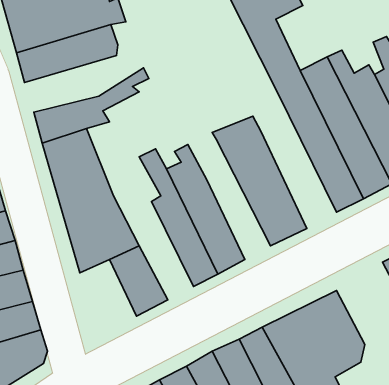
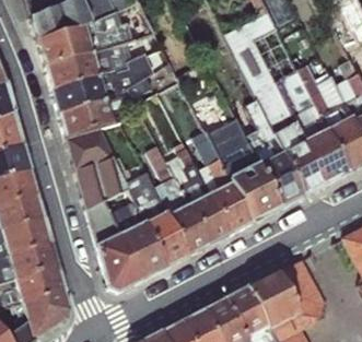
building: none -> [51,50,153,114]
building: none -> [243,97,304,208]
building: none -> [194,135,250,233]
building: none -> [124,172,188,266]
building: none -> [96,233,142,292]

